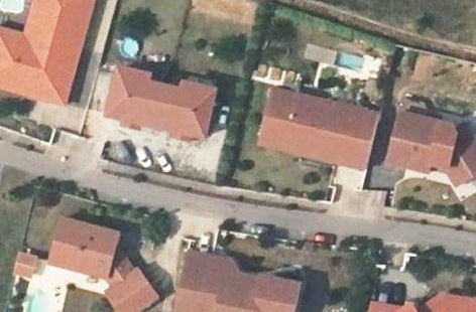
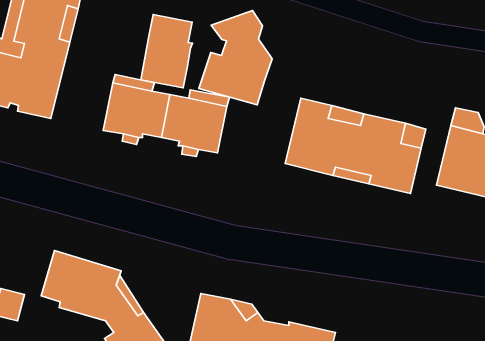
building: none -> [199,11,272,105]
building: none -> [141,14,192,88]

